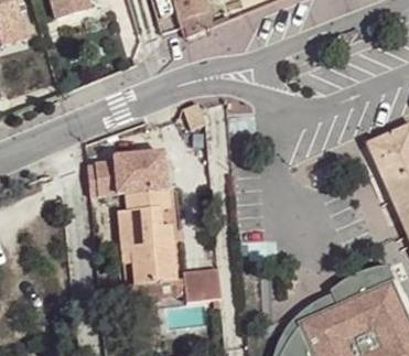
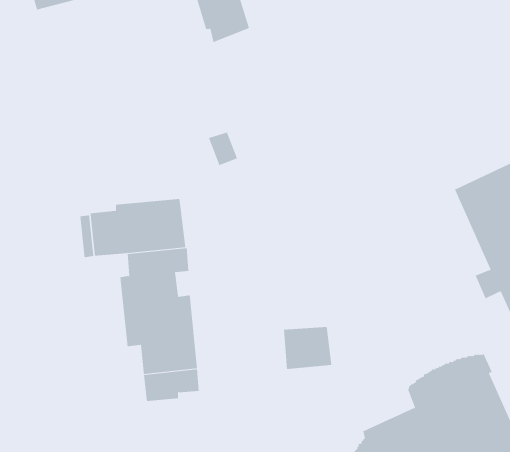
building: [183,267,219,299] -> [283,327,332,370]

